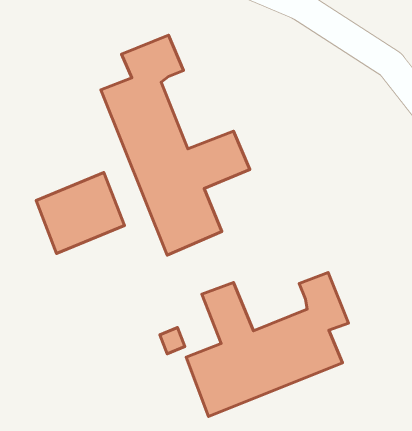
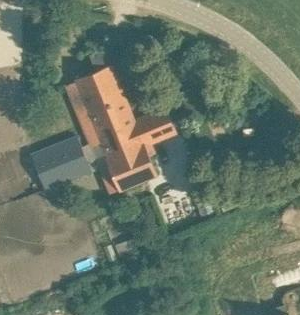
building: [186,272,348,417] -> none

